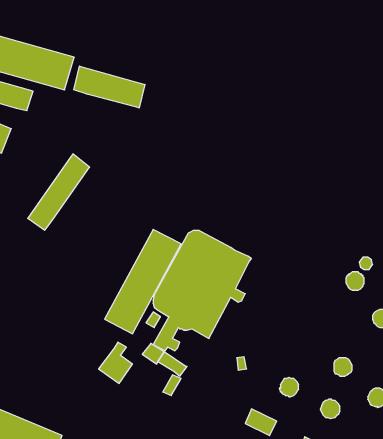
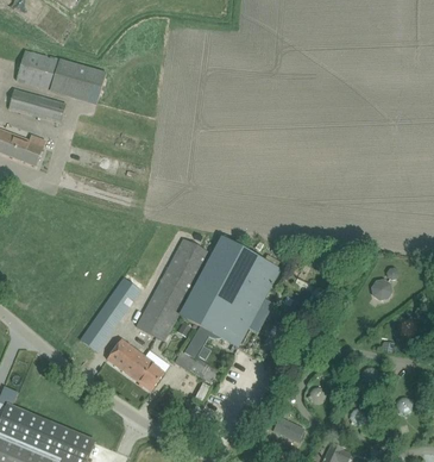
building: [74,66,145,108] -> none
building: [28,154,90,230] -> [80,276,140,351]
building: none -> [106,338,145,376]

